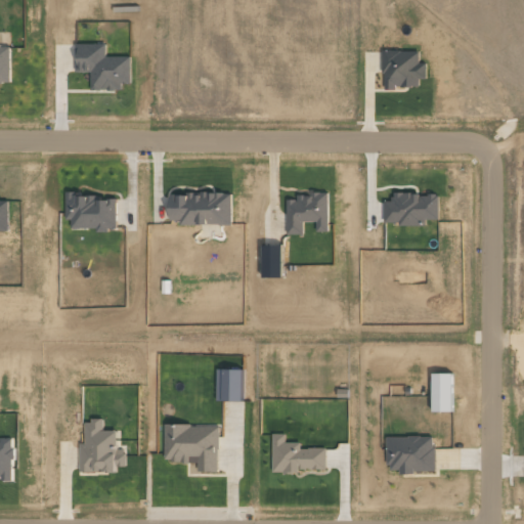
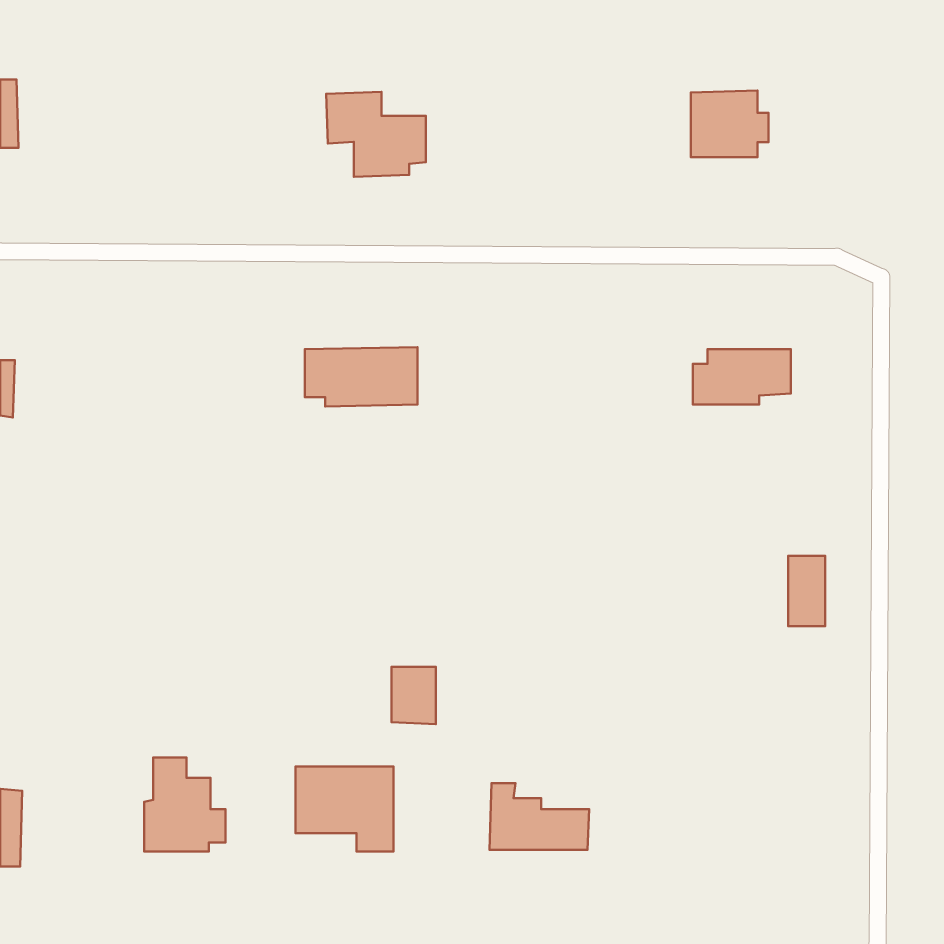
building: [75,43,130,90] -> [326,92,426,177]
building: [287,193,328,234] -> none
building: [66,194,117,229] -> none
building: [431,373,451,411] -> [788,556,825,626]
building: [387,436,434,473] -> none

